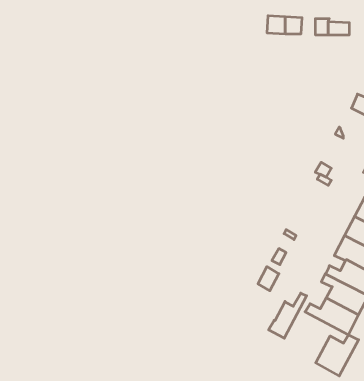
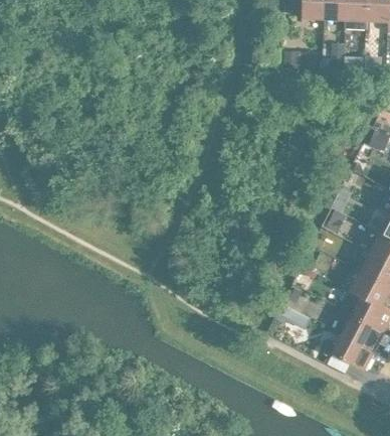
building: [269,293,307,338] -> none
building: [316,335,359,376] -> none

